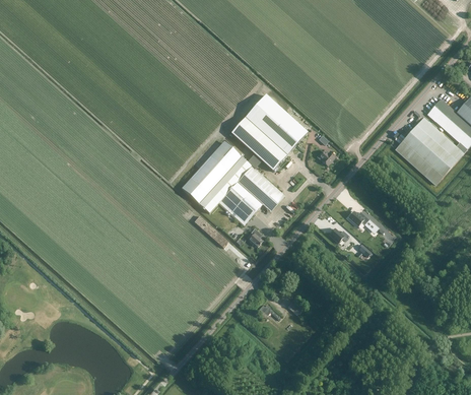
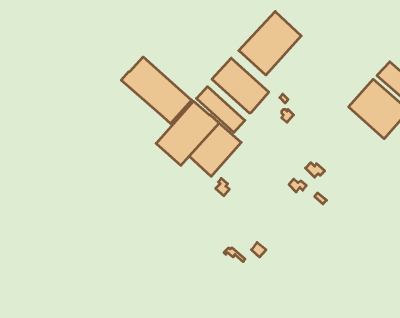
building: none -> [239,11,301,75]
building: none -> [121,57,192,124]

